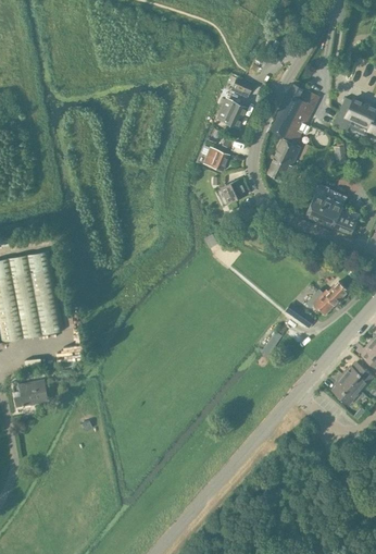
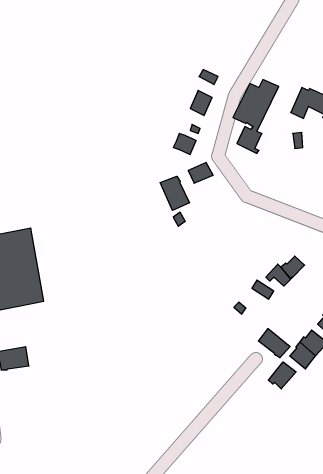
building: [266,159,296,184] -> none
building: [305,185,360,234] -> none
building: none -> [160,176,189,210]
building: none -> [258,329,290,358]
building: none -> [268,362,296,389]

